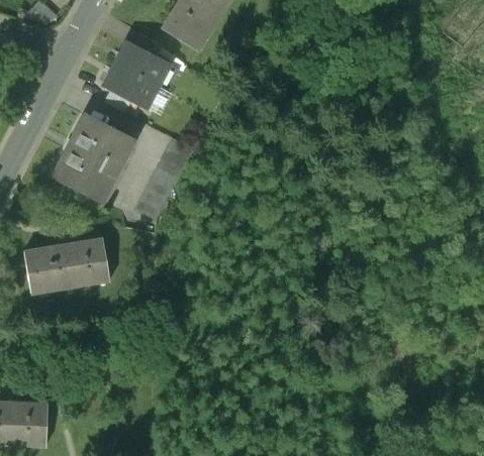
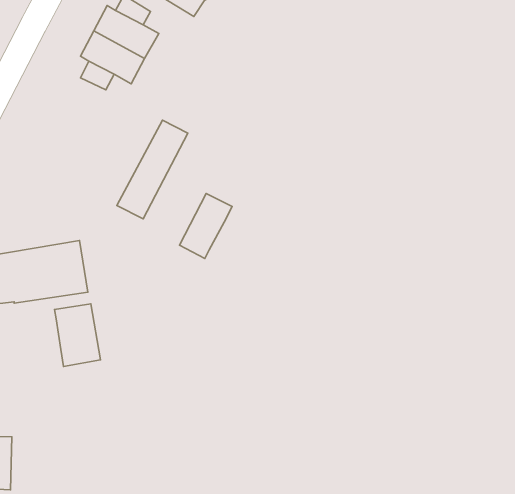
building: [53,114,134,201] -> none
building: none -> [180,194,232,259]
building: none -> [54,304,100,367]

